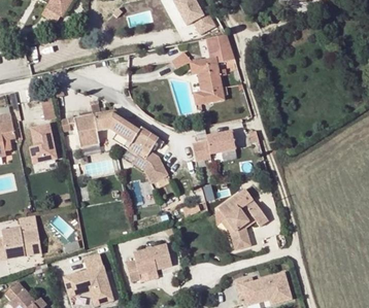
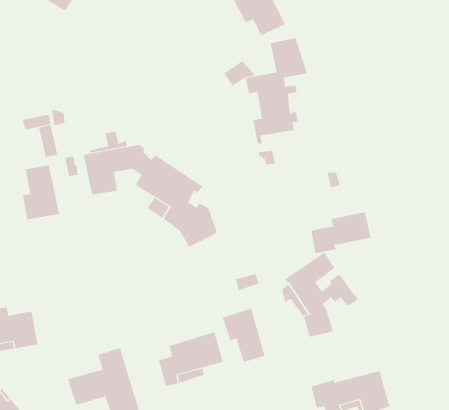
building: [190,130,233,160] -> [311,212,371,254]
building: none -> [222,308,265,363]

